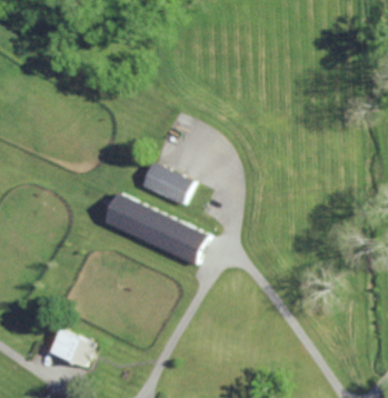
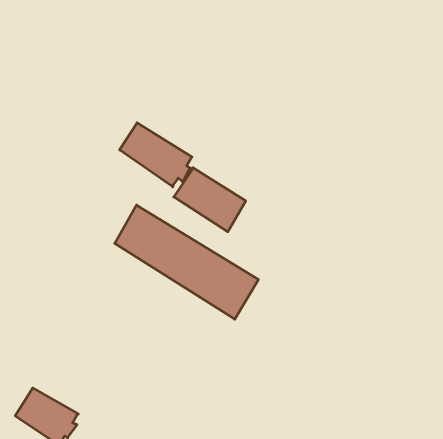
building: none -> [120,123,192,187]

